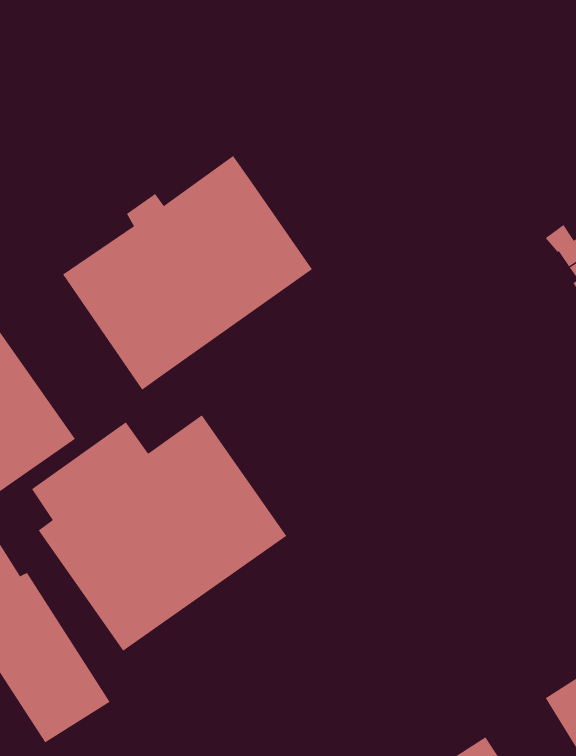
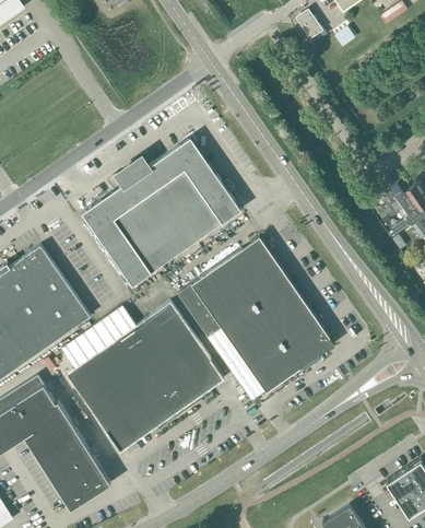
building: none -> [177,237,333,392]

